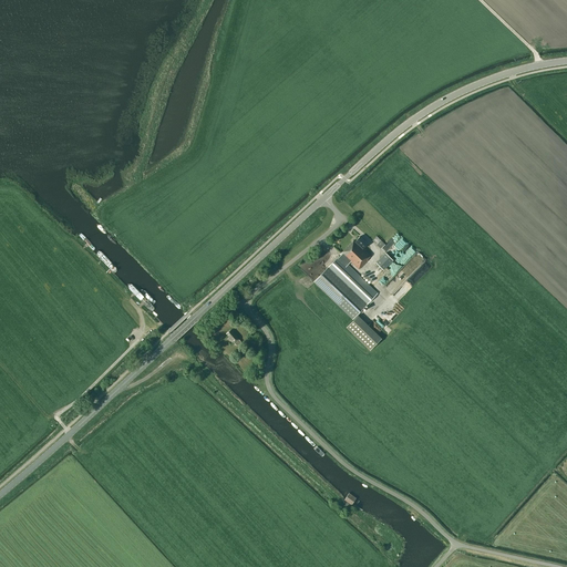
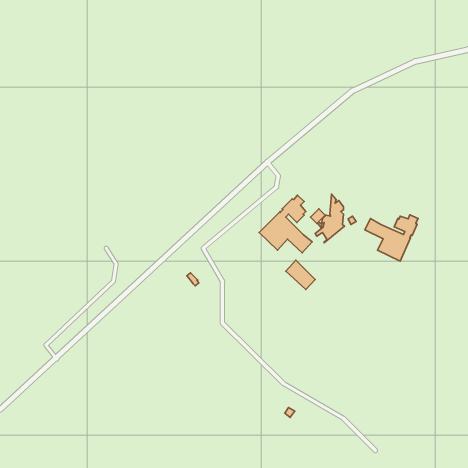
building: none -> [365,215,418,261]

